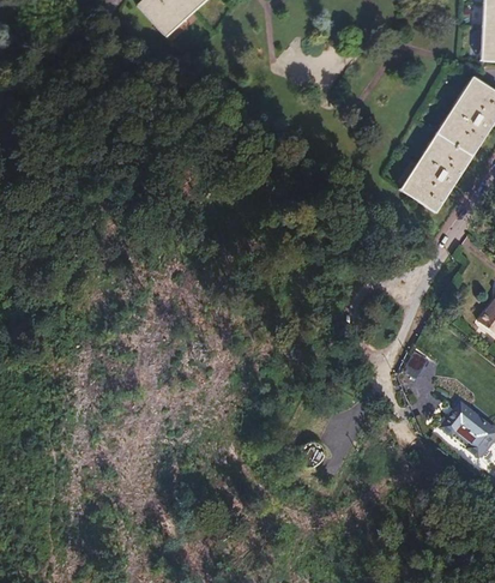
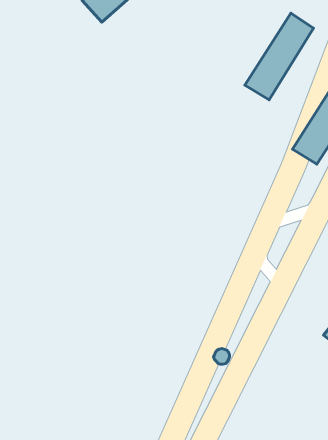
building: none -> [245,13,314,100]

